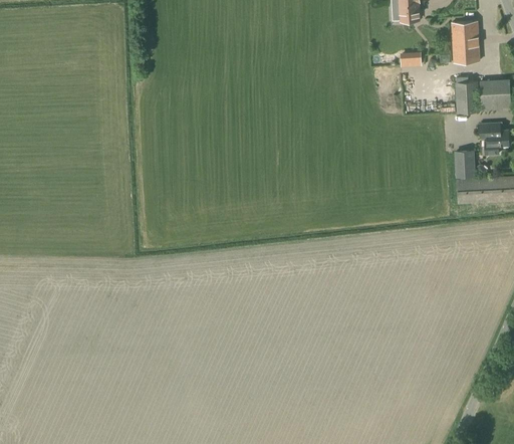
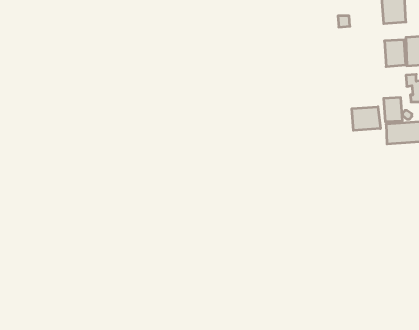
building: none -> [352,107,380,130]

